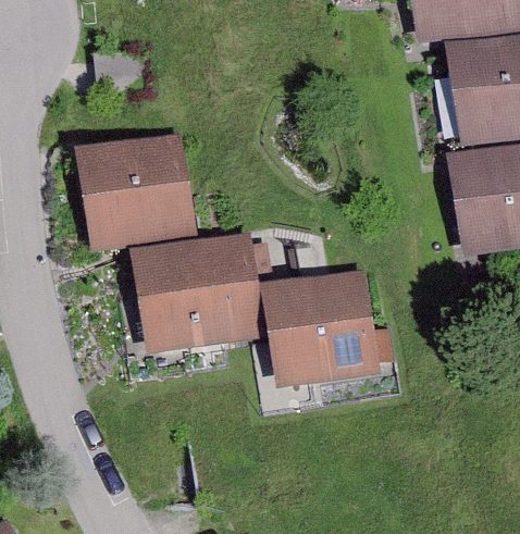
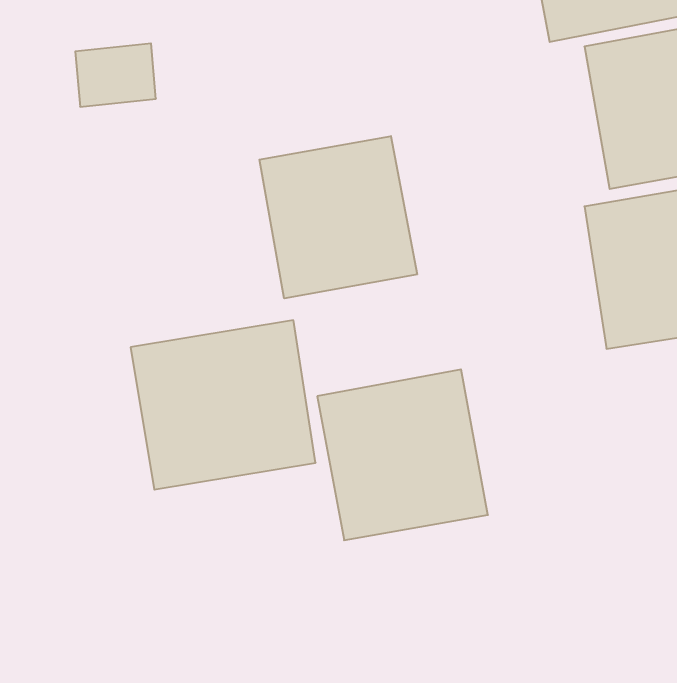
building: none -> [259,136,417,298]
building: [77,133,197,245] -> none

